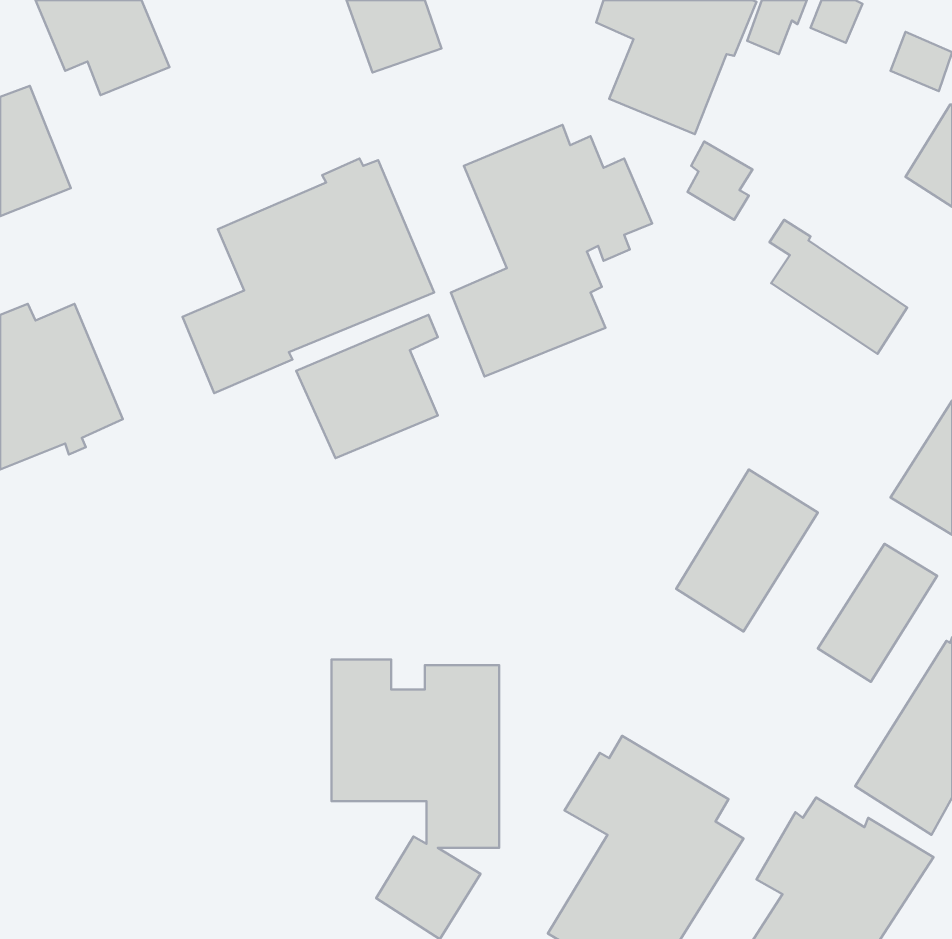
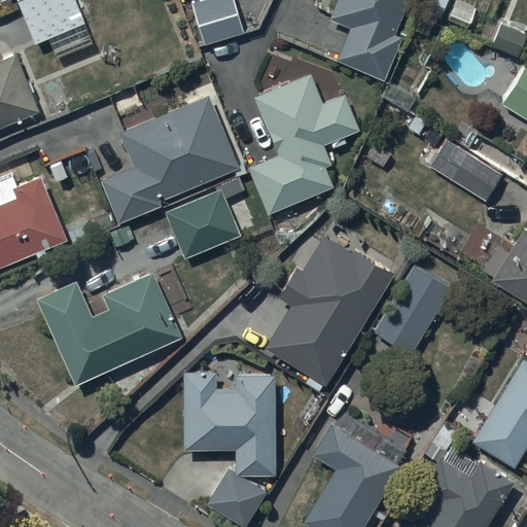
building: none -> [265,226,395,386]
building: none -> [35,272,191,386]
building: [818,544,937,682] -> none

